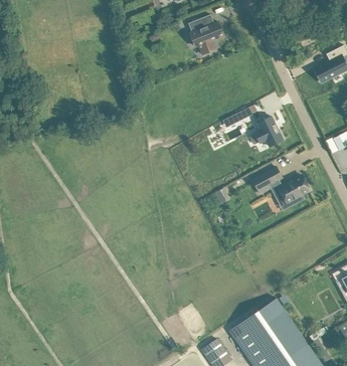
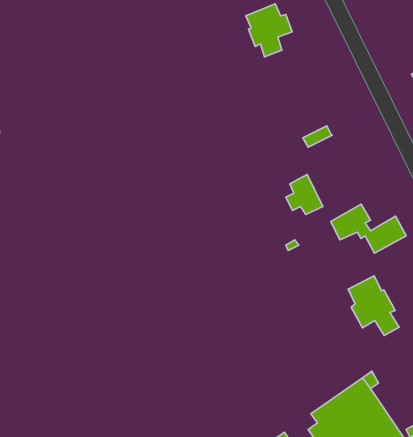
building: [254,116,283,146] -> [286,175,323,214]
building: none -> [348,276,399,335]

